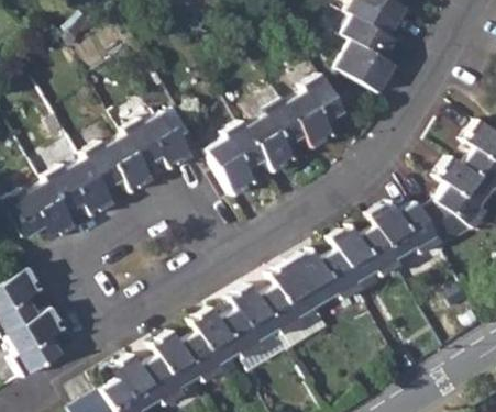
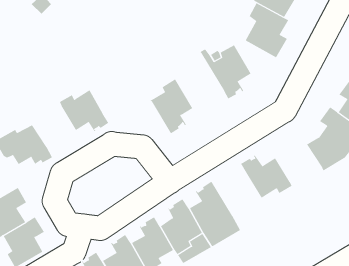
building: [235,83,307,170] -> none
building: [121,111,192,168] -> none
building: [44,157,113,213] -> none
building: [371,199,441,258] -> none
building: [291,245,362,304] -> none

